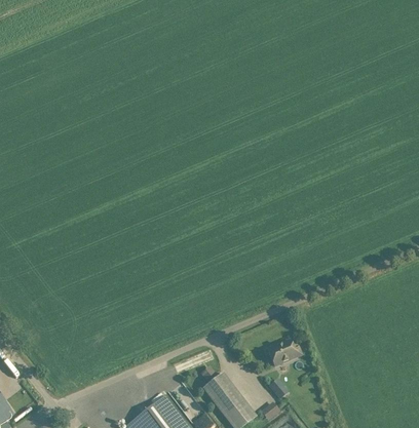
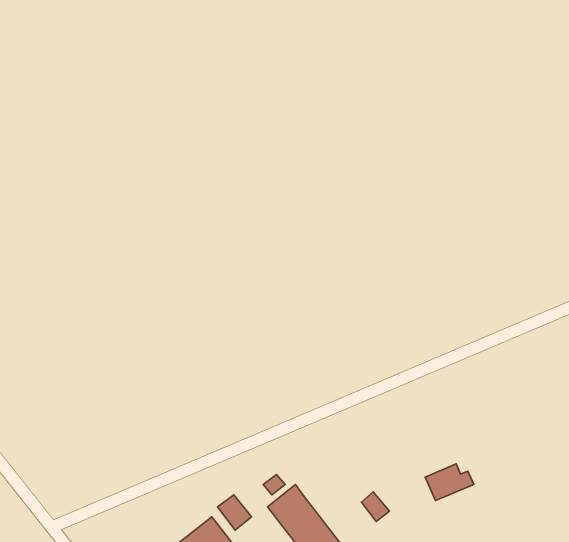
building: [267,340,301,365] -> [425,464,474,501]

